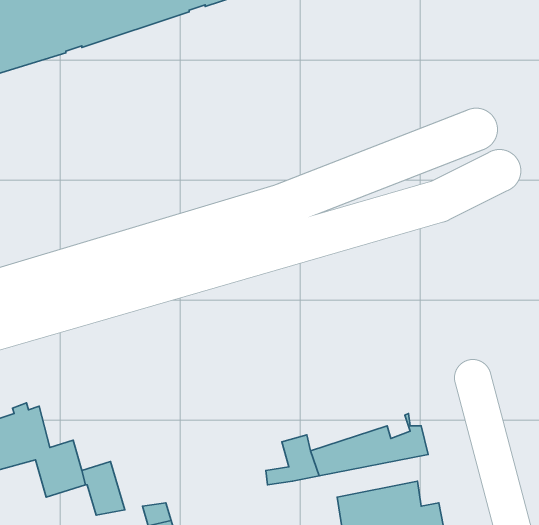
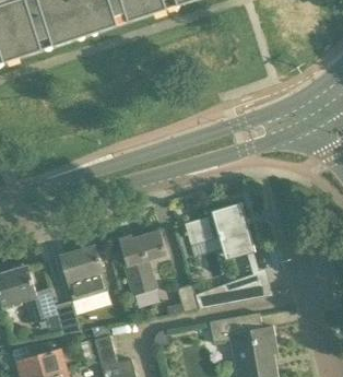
building: none -> [184,203,252,260]
building: none -> [118,231,164,296]
building: none -> [59,247,105,296]

